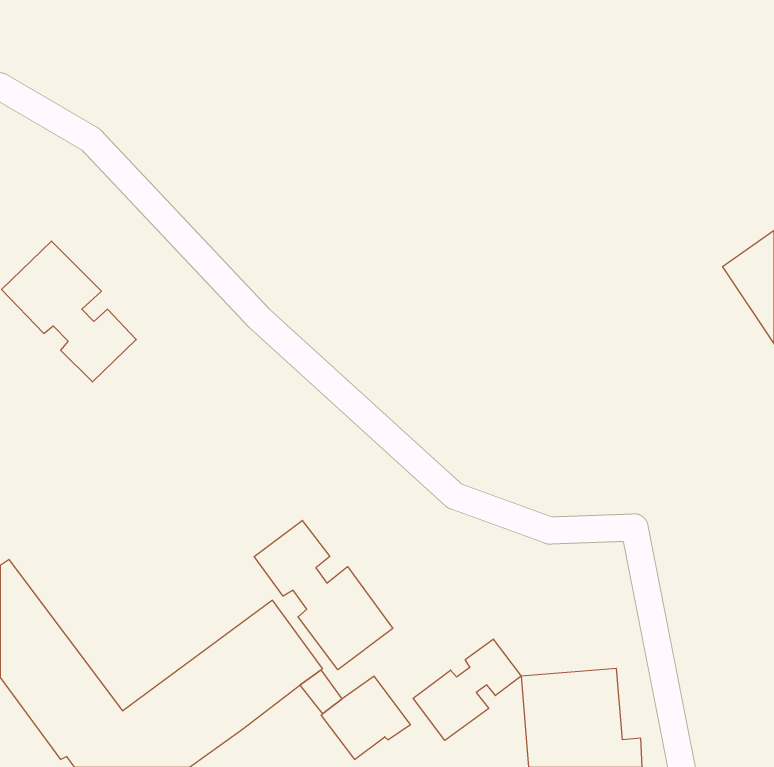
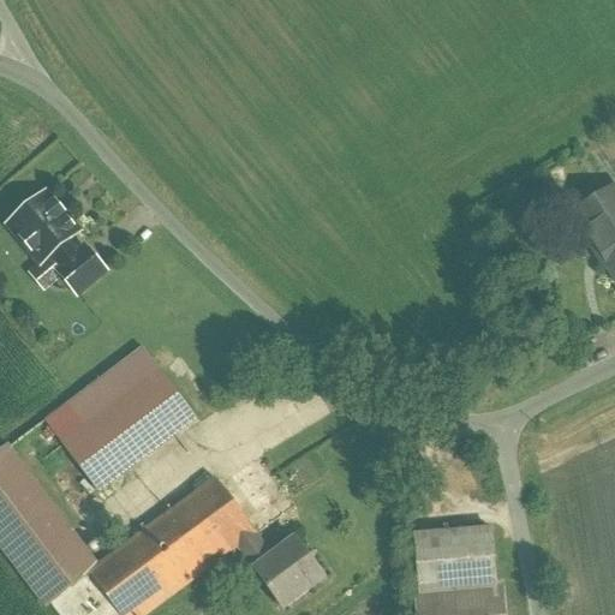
building: none -> [46,346,196,488]
building: [254,520,393,670] -> none
building: [413,639,521,740] -> none

